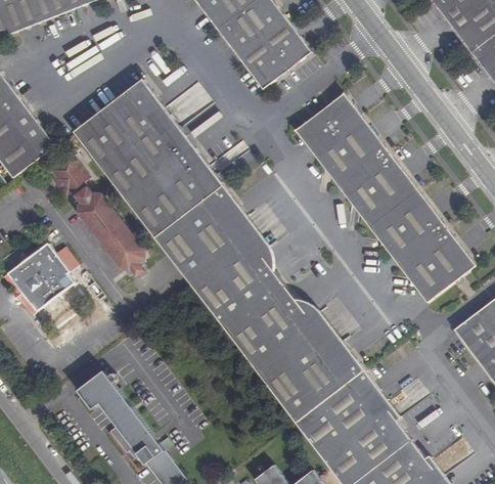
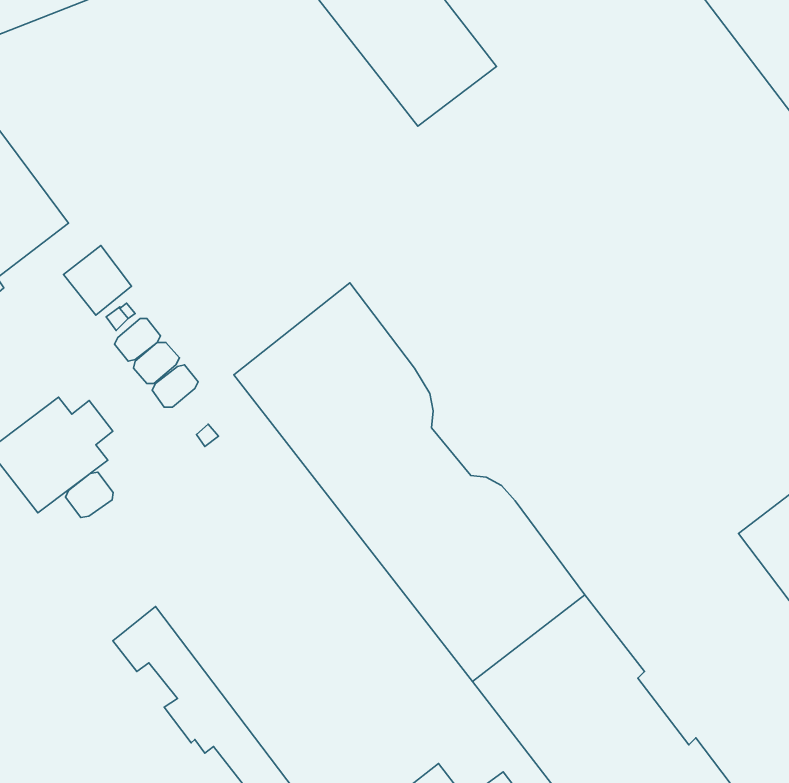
building: [71,77,221,234] -> none
building: [295,91,474,300] -> none
building: [112,243,141,268] -> none
building: none -> [66,472,113,517]

